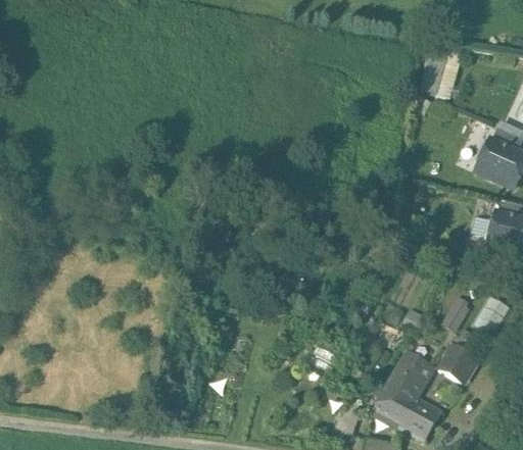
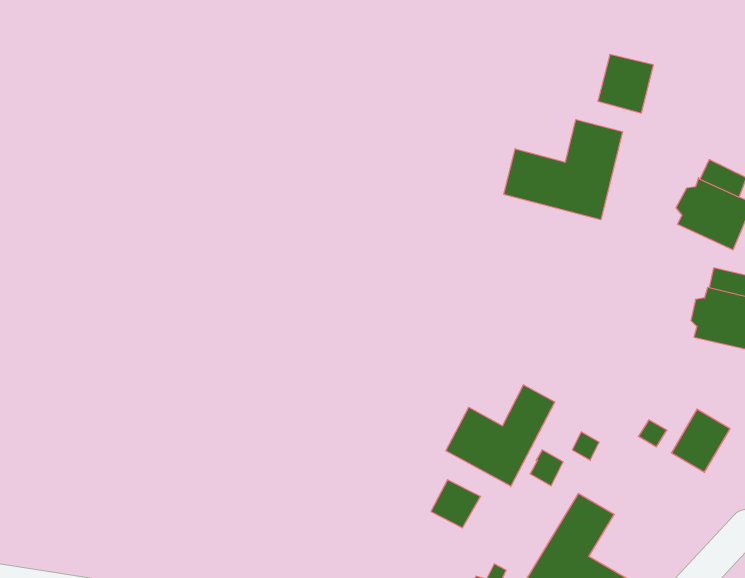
building: none -> [504,119,623,220]
building: none -> [446,385,555,486]
building: [439,344,476,381] -> none

